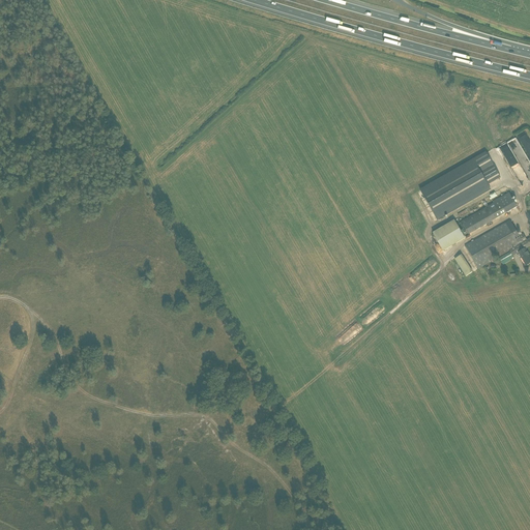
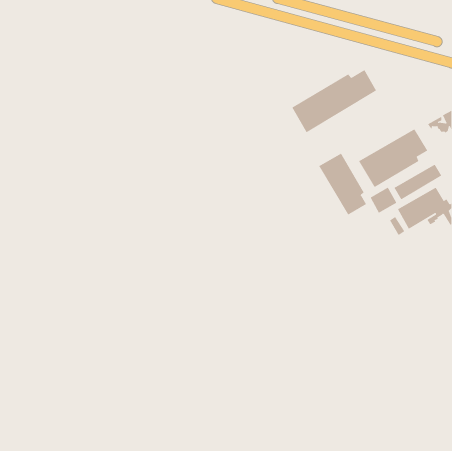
building: none -> [292,69,377,133]
building: none -> [319,153,367,215]

